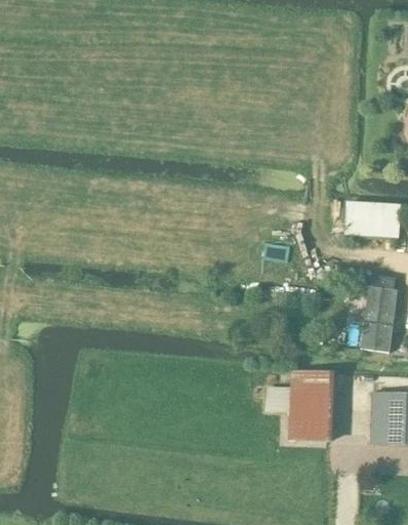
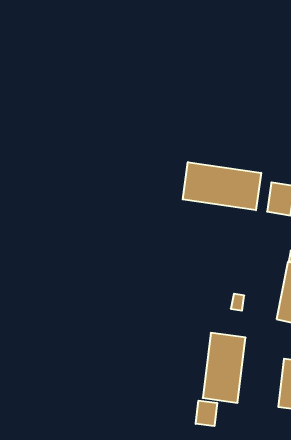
building: none -> [183,162,261,210]
building: none -> [196,401,217,426]

